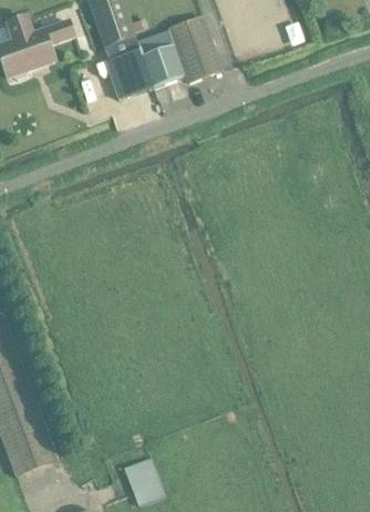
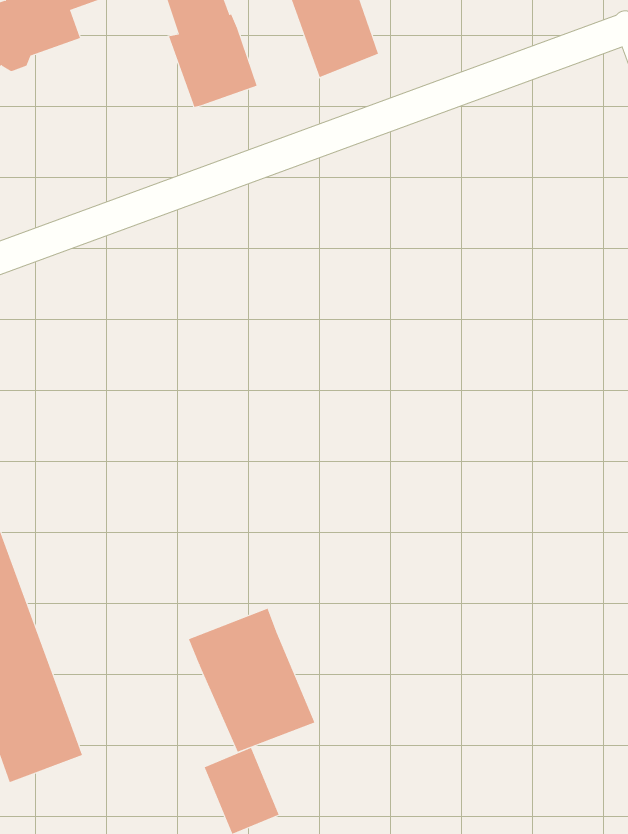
building: [141,43,181,85] -> none
building: none -> [188,608,315,753]

